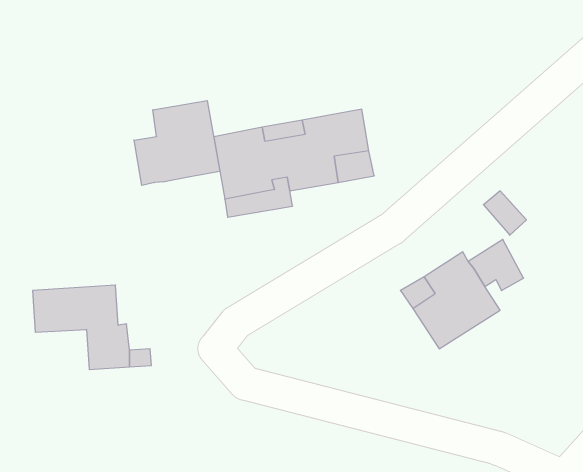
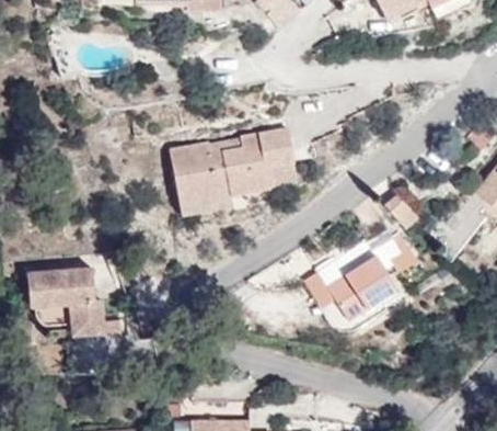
building: [134,101,220,185] -> none

